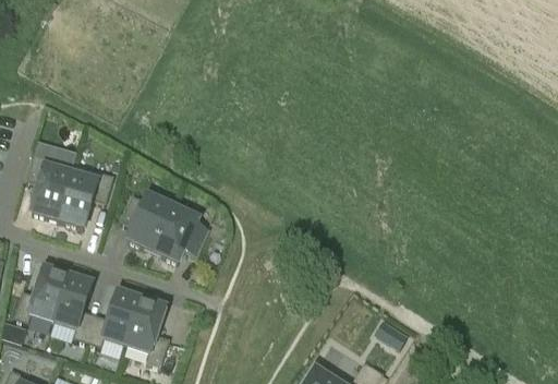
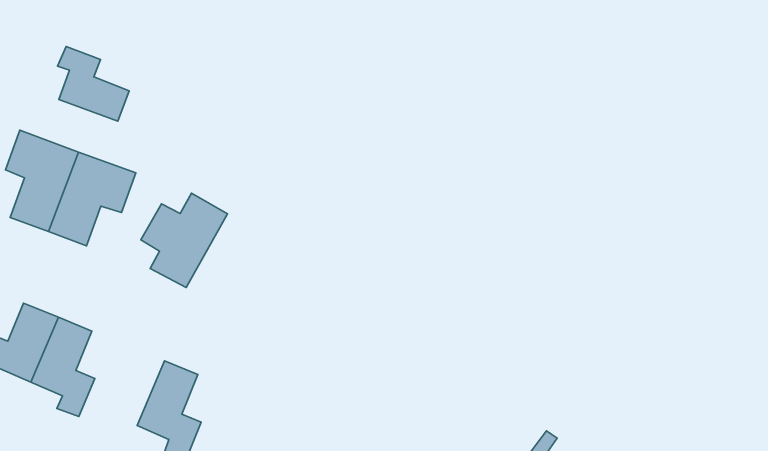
building: none -> [58,47,129,121]
building: [153,199,208,262] -> none
building: [87,292,142,347] -> none

